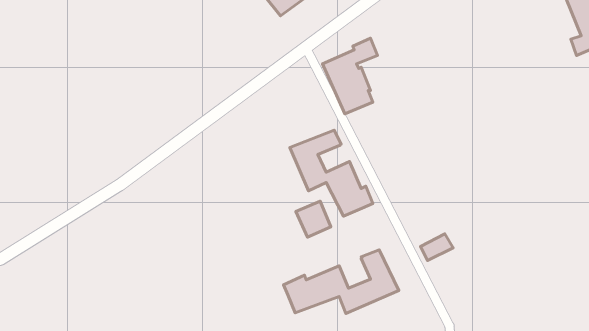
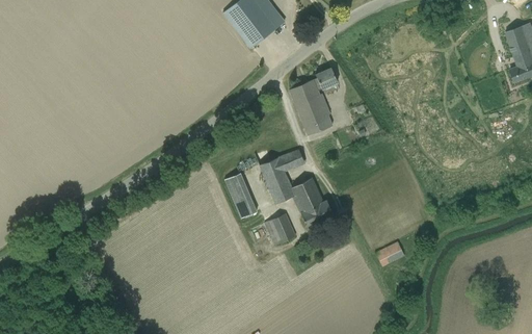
building: none -> [225,172,257,217]
building: [283,250,399,314] -> none

